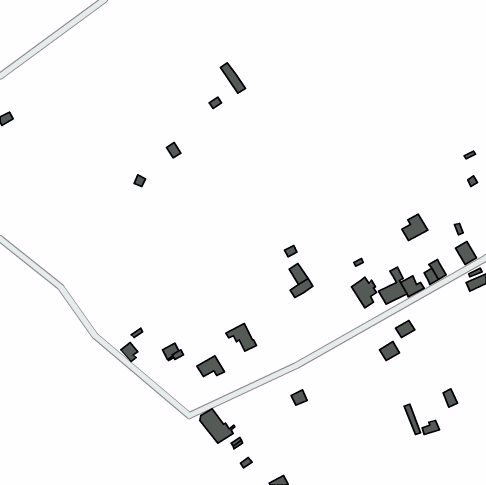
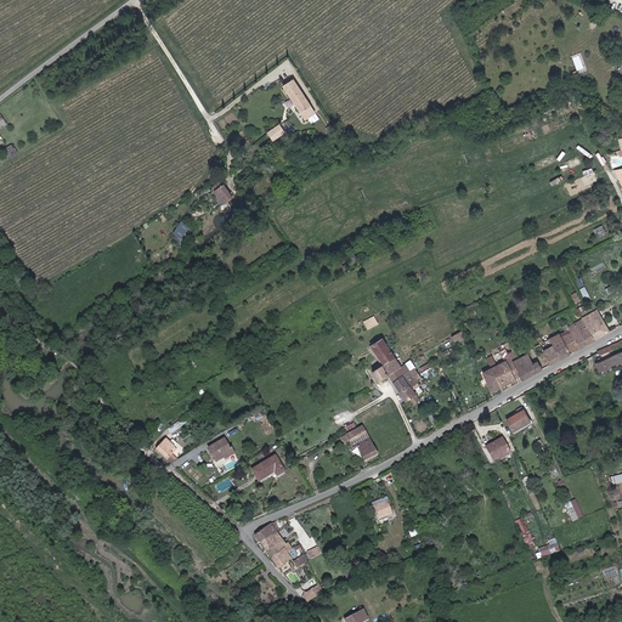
building: [402,214,428,241] -> [561,317,594,351]
building: [352,277,376,308] -> [388,362,419,401]
building: [226,324,256,351] -> [339,424,378,459]

